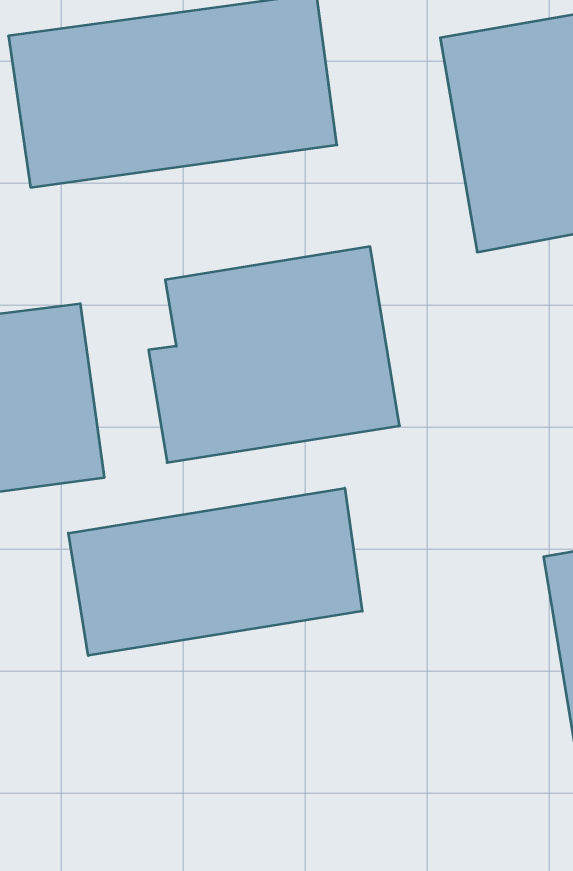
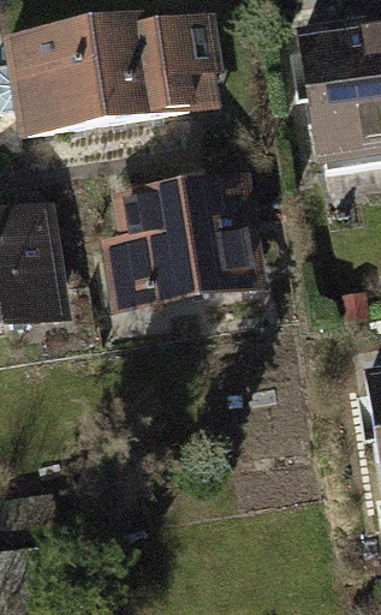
building: [68,488,362,656] -> none

